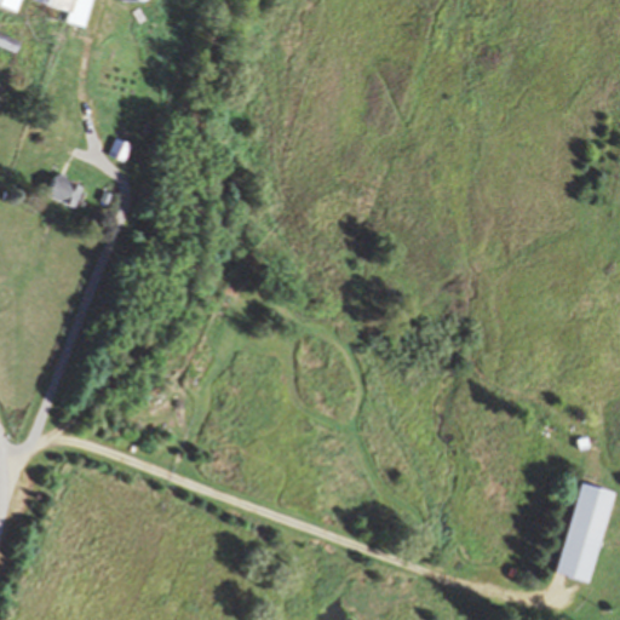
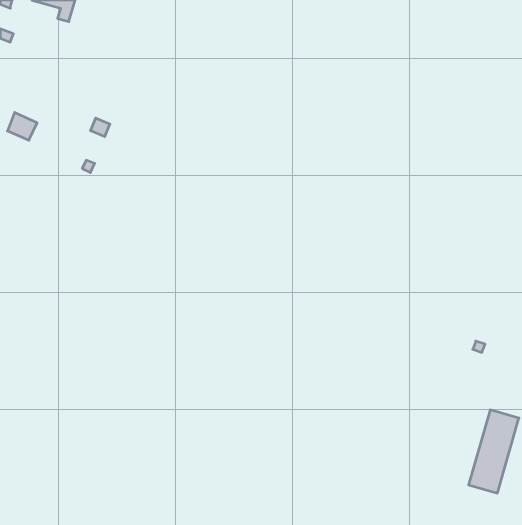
building: [48,174,84,207] -> [7,112,37,140]

